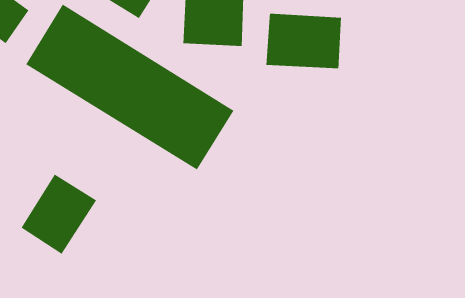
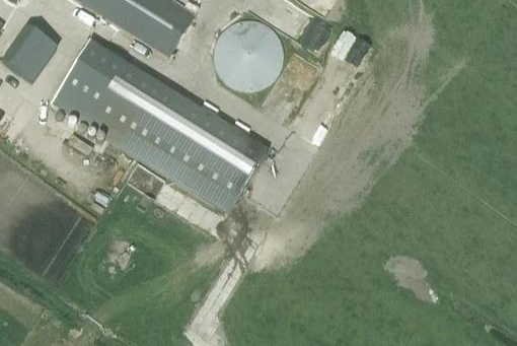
building: [265,13,342,69] -> none
building: [20,174,97,255] -> none

